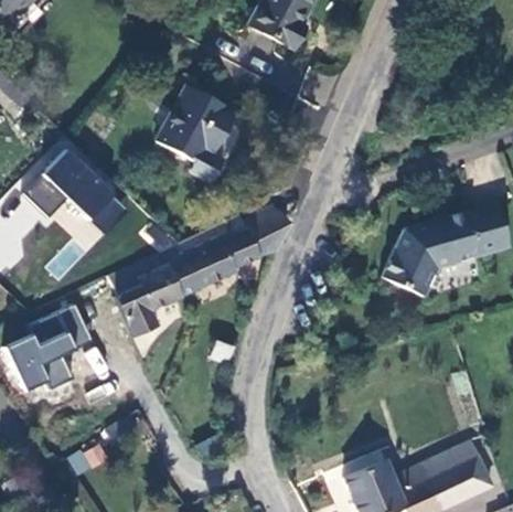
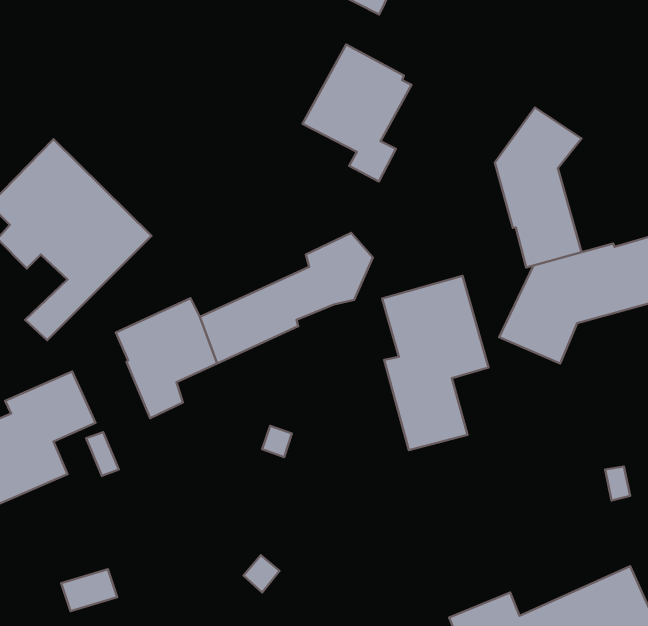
building: [156,86,233,183] -> [302,44,412,182]
building: none -> [495,107,582,267]
building: none -> [382,276,488,450]

